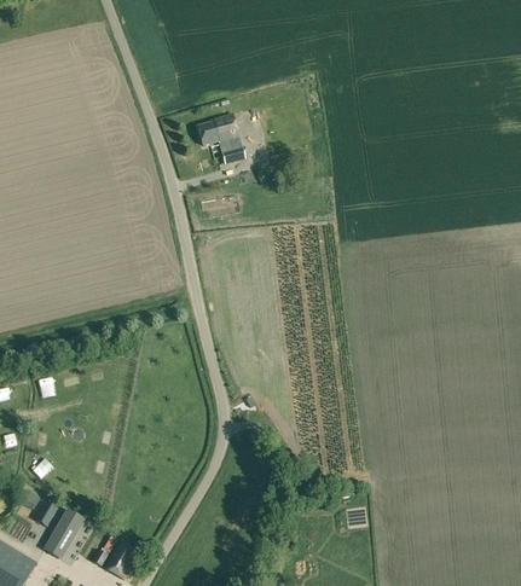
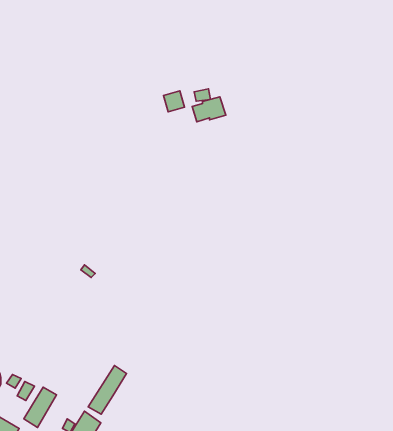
building: [196,114,238,145] -> [192,97,226,122]
building: none -> [88,366,127,414]

